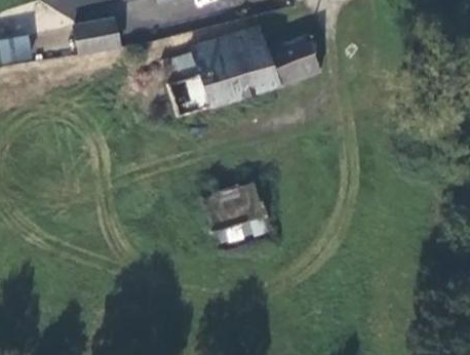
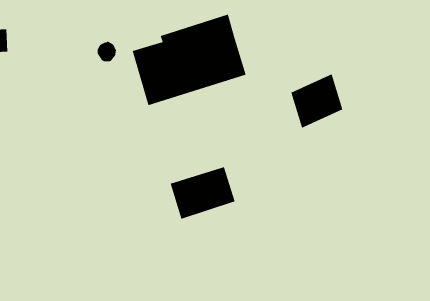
building: [73,18,120,57] -> none
building: [268,30,322,86] -> [290,74,343,128]

